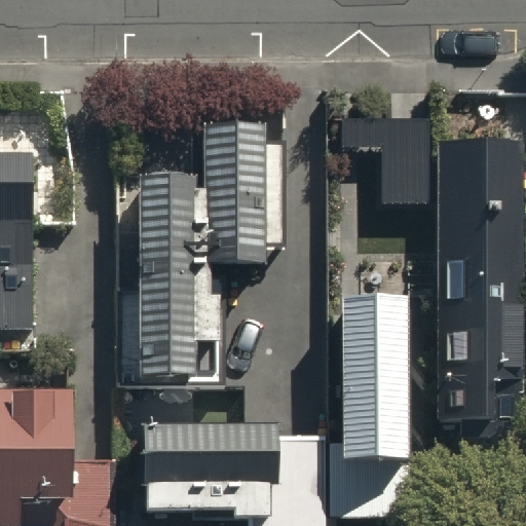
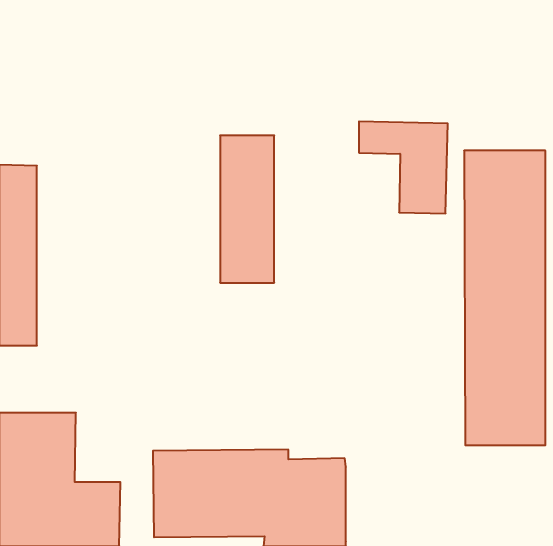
building: [137,180,194,382] -> none
building: [328,298,411,514] -> none

